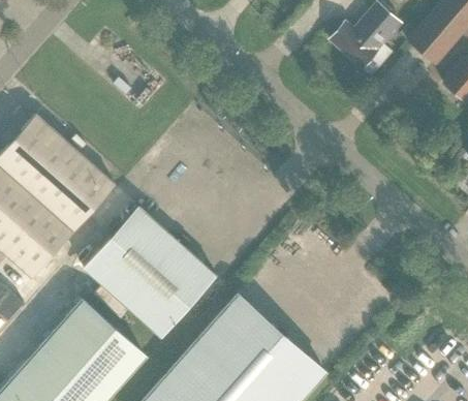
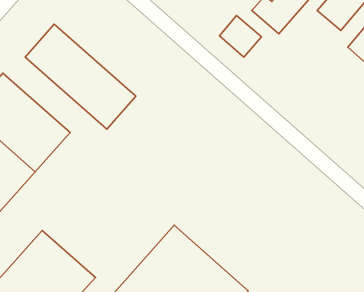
building: none -> [220,15,262,57]
building: none -> [25,24,136,129]
building: [84,207,217,338] -> none

